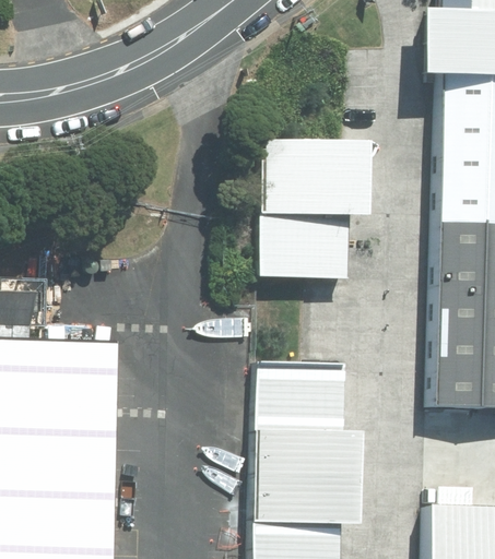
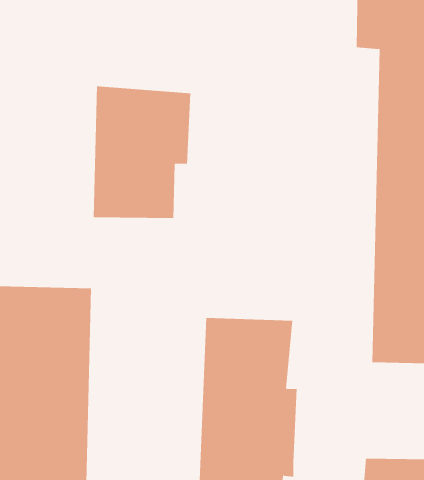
building: [259,139,362,277] -> [93,86,191,218]

